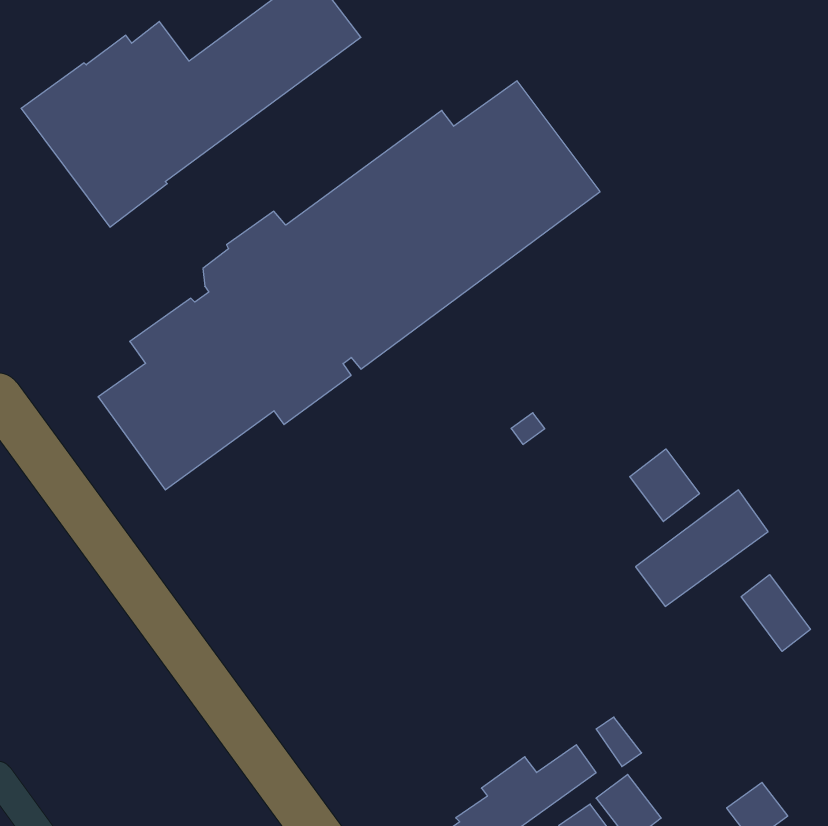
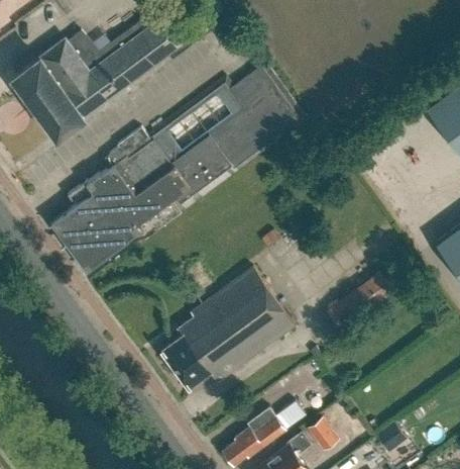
building: [630,449,699,522] -> none
building: none -> [161,268,296,389]
building: [741,575,810,651] -> none

